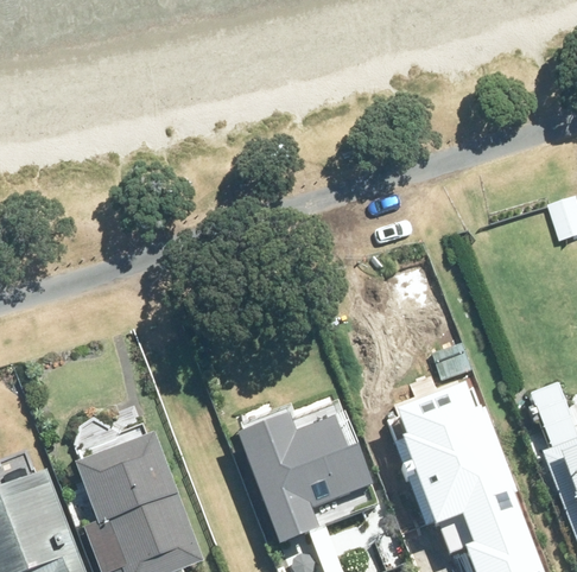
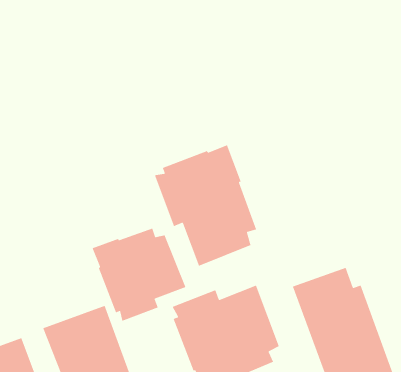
building: none -> [154,144,257,267]
building: none -> [92,227,186,322]

